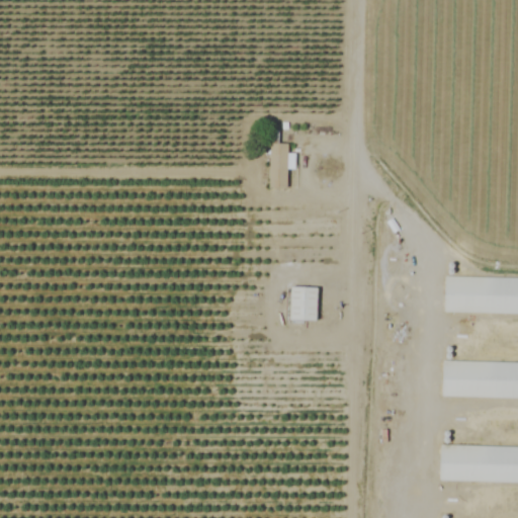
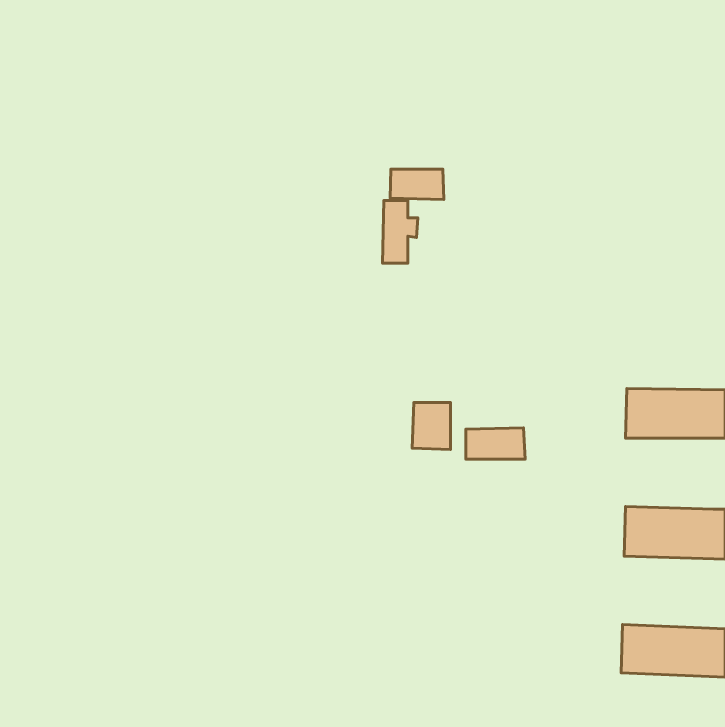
building: none -> [390,169,444,200]
building: none -> [466,428,525,459]

